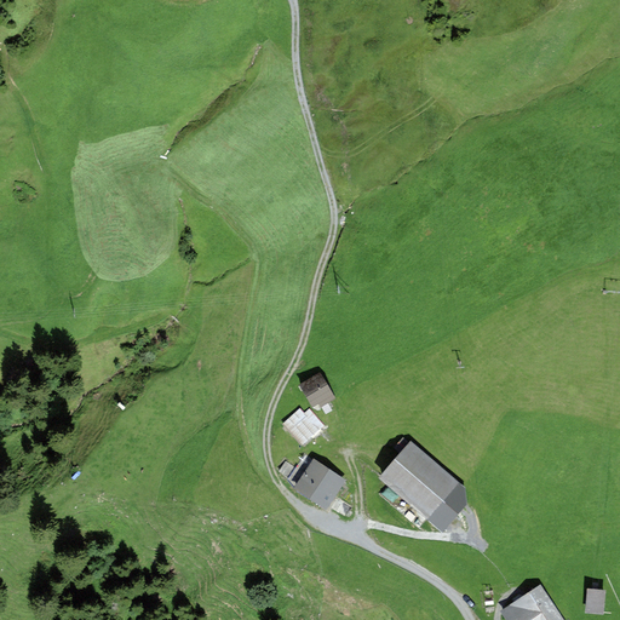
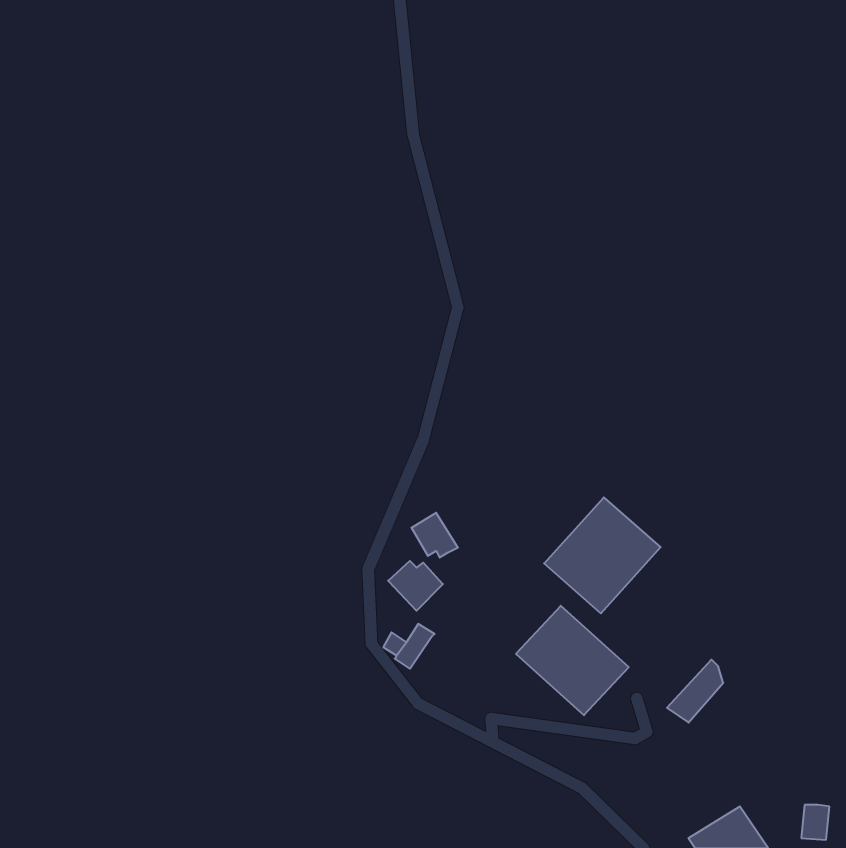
building: none -> [544,497,661,613]
building: [300,465,341,505] -> none
building: [427,487,469,533] -> [667,660,723,723]

